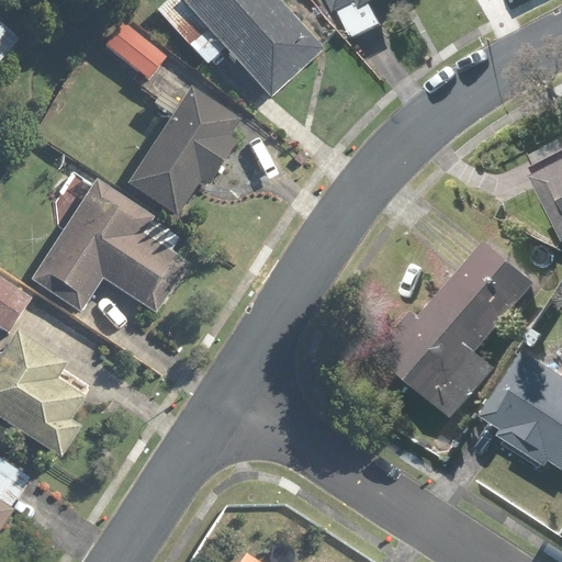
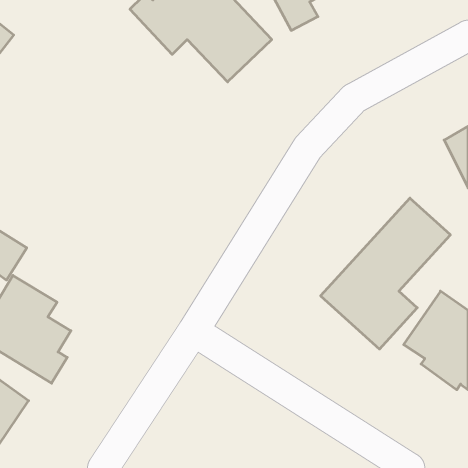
building: [99,21,165,80] -> none
building: [127,88,239,215] -> none
building: [31,179,188,314] -> none

